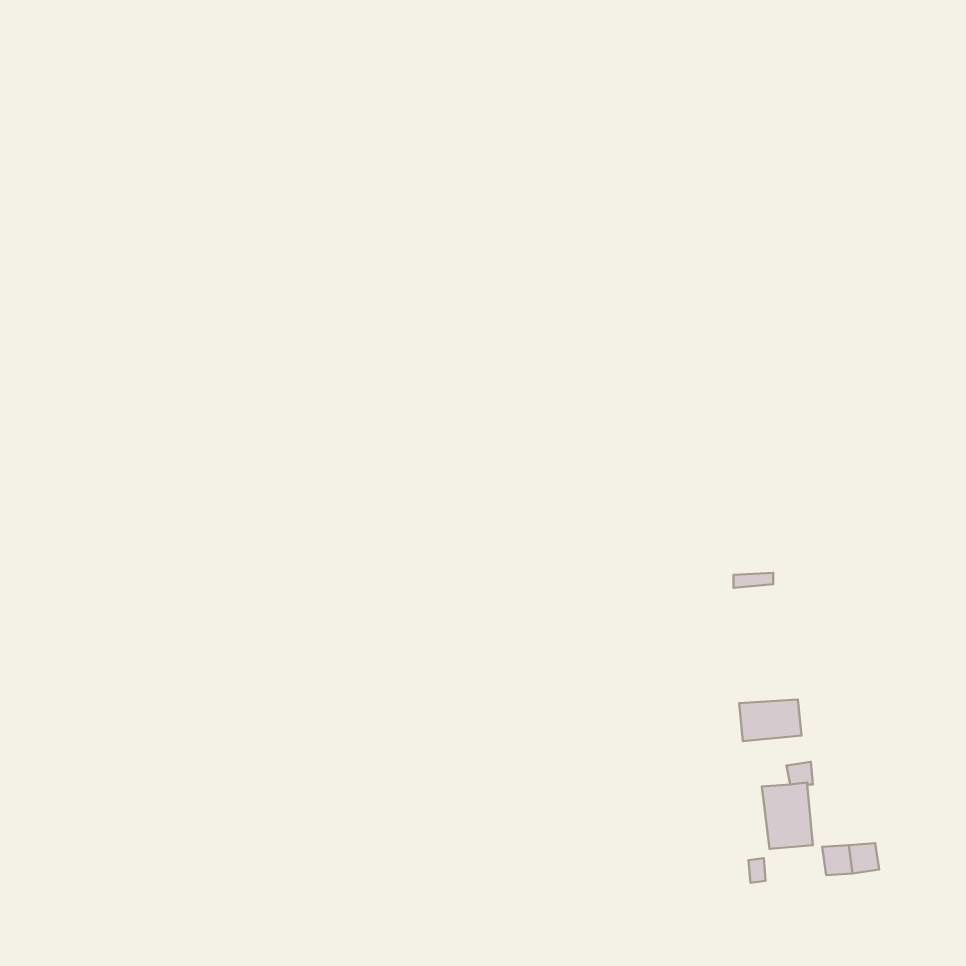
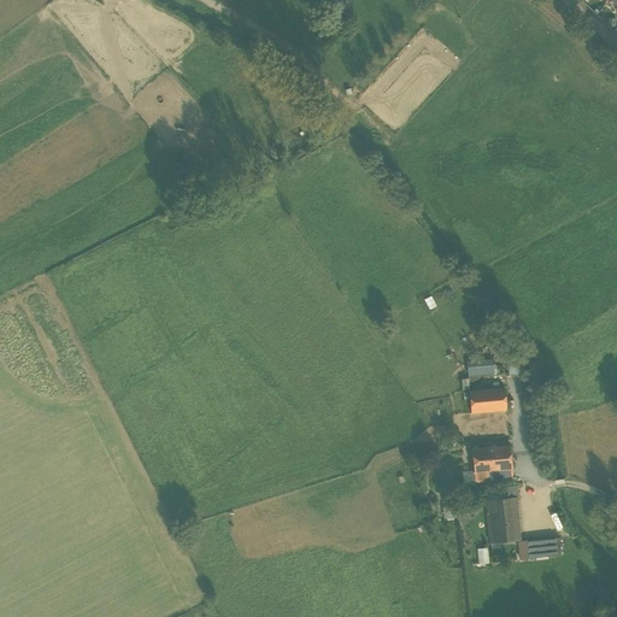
building: none -> [469,388,506,413]

